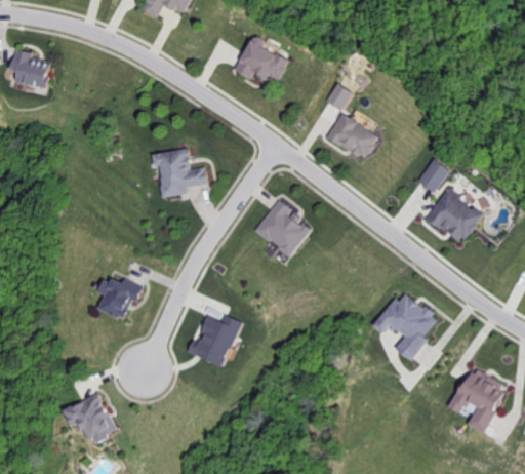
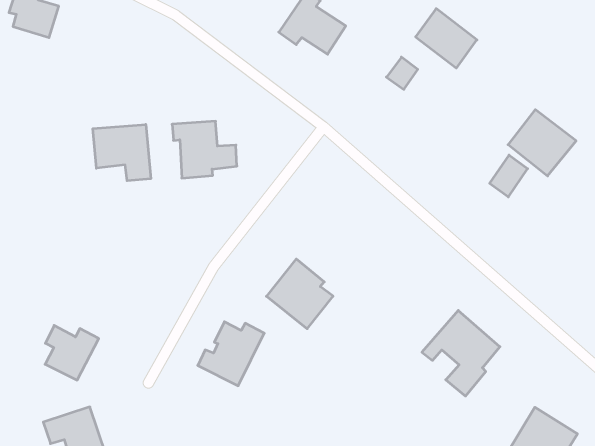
building: [327,112,378,160] -> [416,9,477,68]
building: none -> [93,124,151,181]
building: [426,189,482,243] -> [508,110,576,176]
building: [254,199,310,256] -> [266,259,333,329]
building: [95,276,139,320] -> [45,325,99,380]

